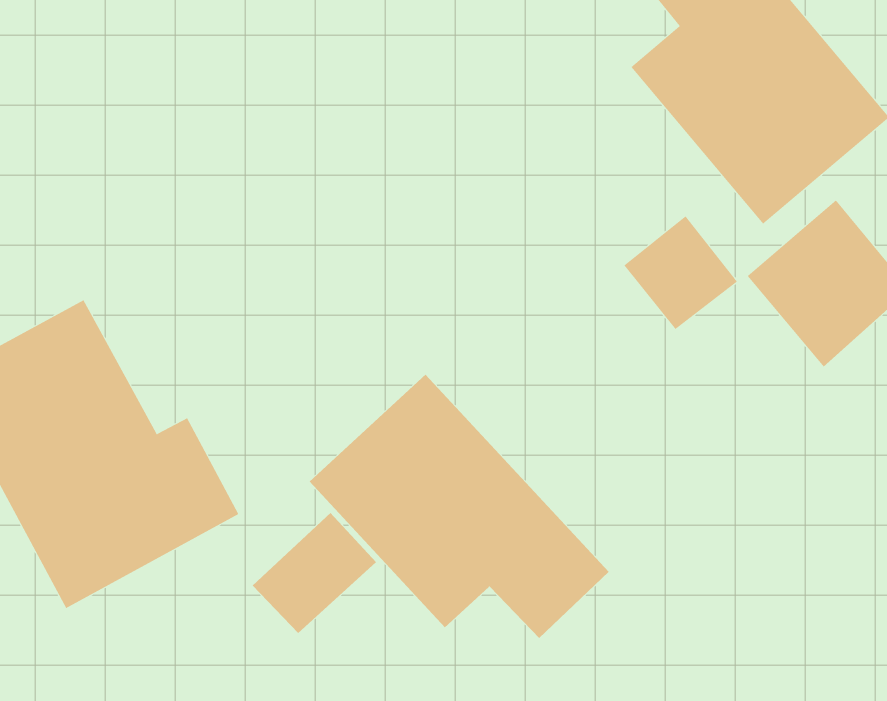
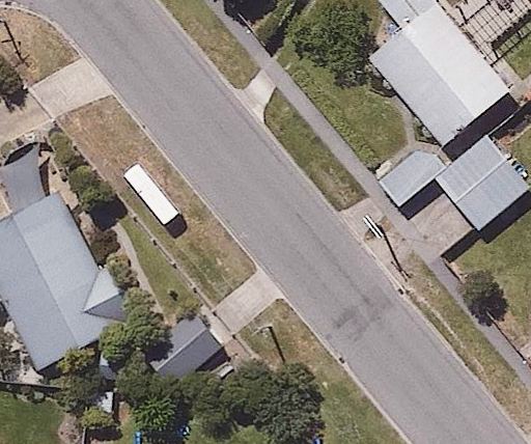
building: [309,374,609,639] -> none

